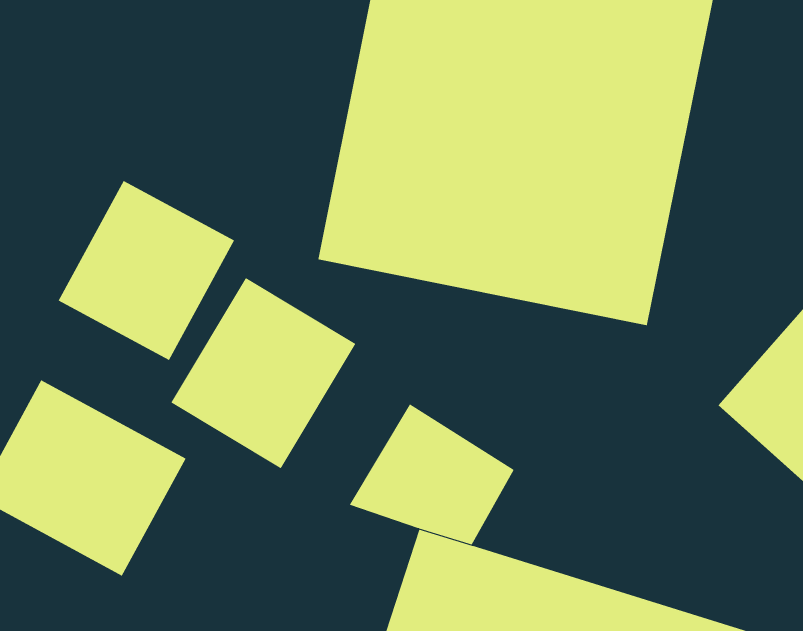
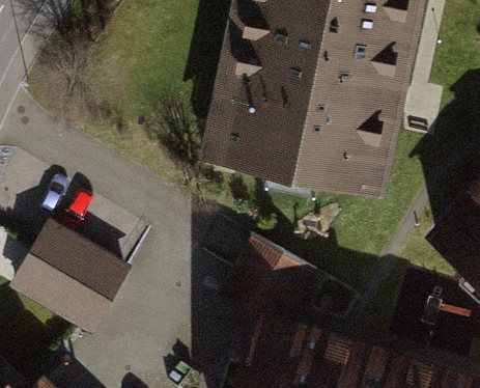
building: [58,180,235,361] -> none
building: [170,277,356,469] -> none

